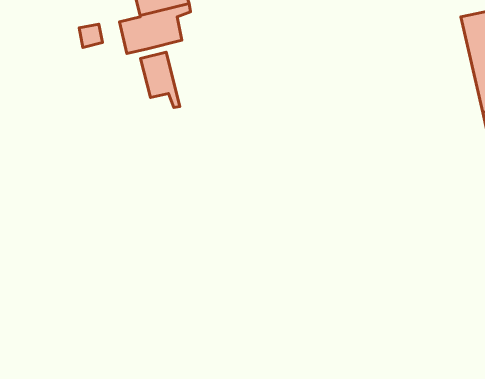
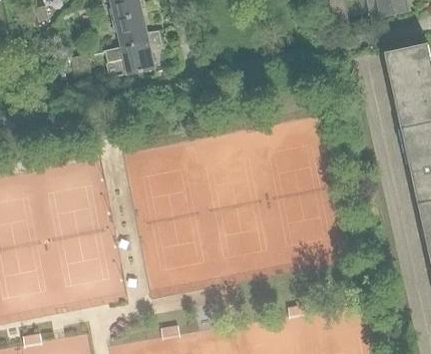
building: [140,52,180,107] -> none

